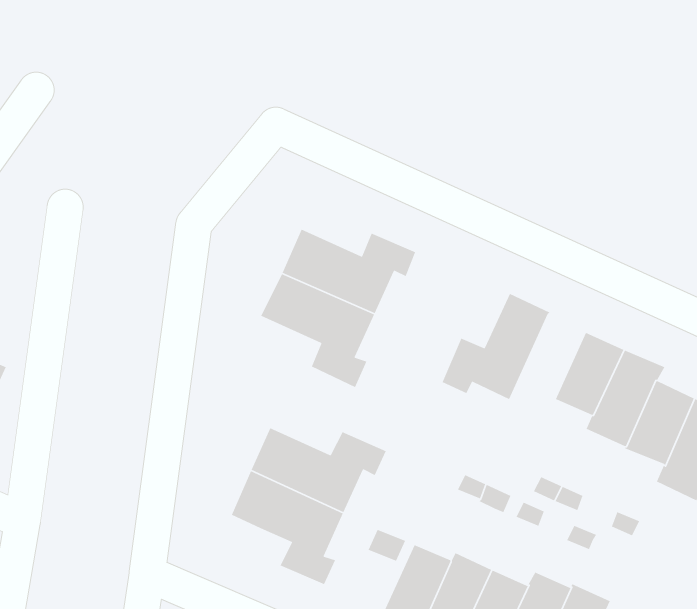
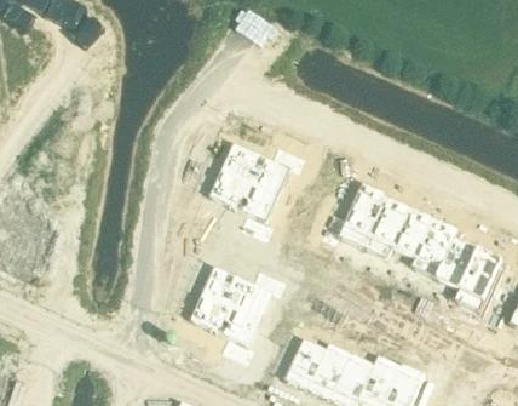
building: none -> [362,198,409,262]

